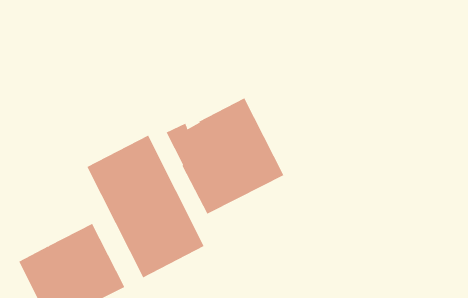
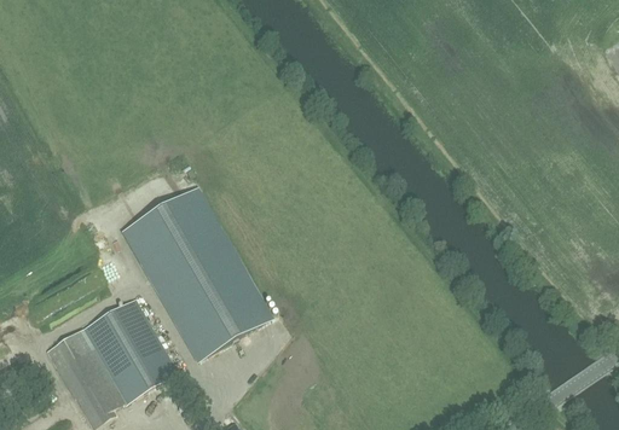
building: [166,97,284,214] -> none

